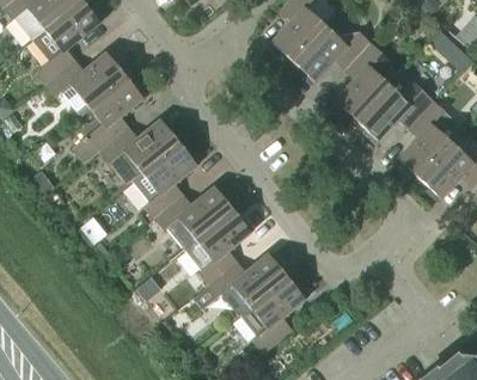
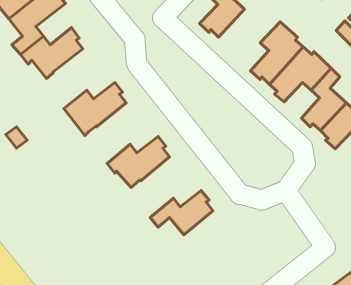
building: [293,26,369,84] -> none
building: [72,75,146,163] -> none
building: [132,142,200,217] -> none
building: [196,209,253,284] -> none
building: [240,276,307,351] -> none

